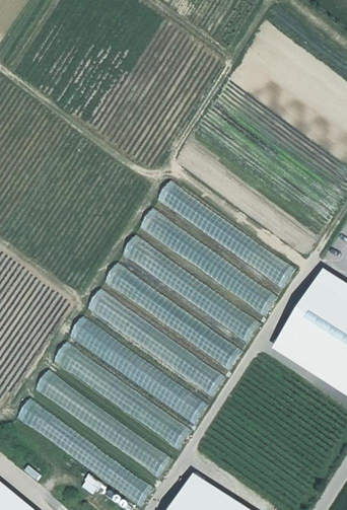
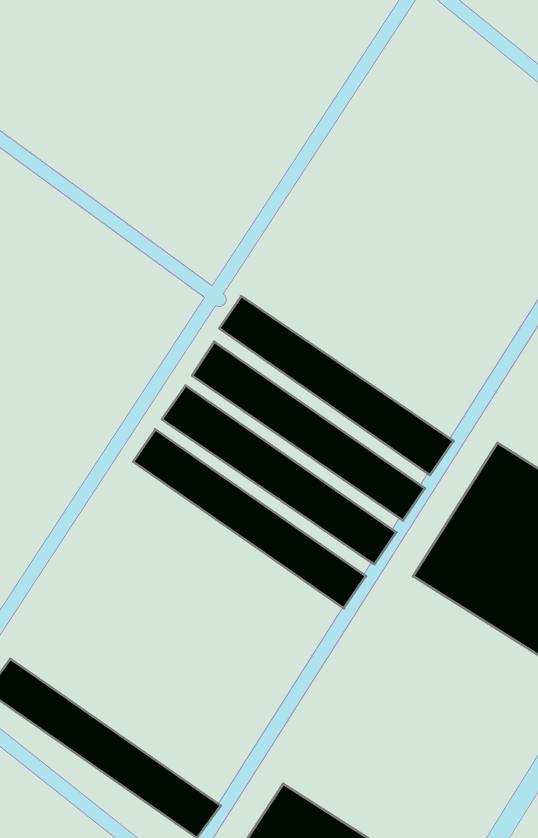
building: [85,288,226,395] -> none
building: [68,315,208,423] -> none
building: [51,342,192,449] -> none
building: [32,370,174,478] -> none

